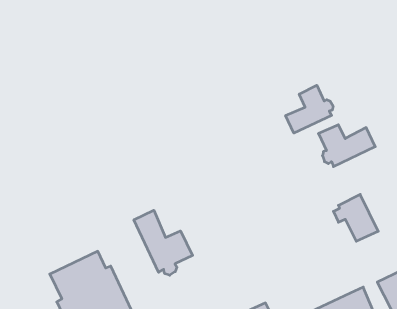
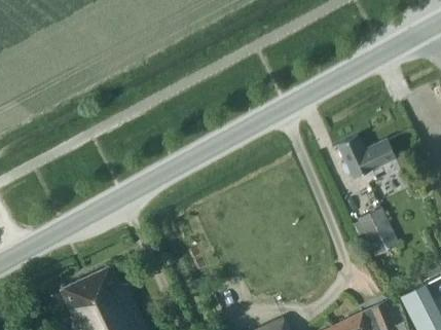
building: [286,85,333,133] -> none
building: [134,210,193,275] -> none

